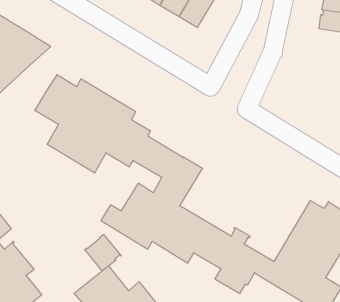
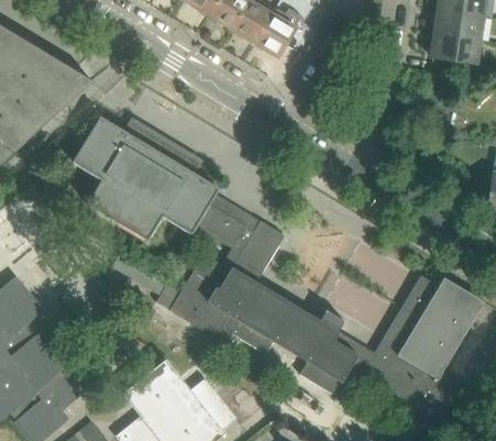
building: [85,234,121,271] -> none

